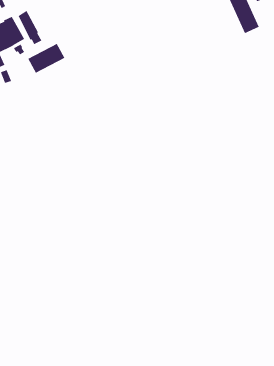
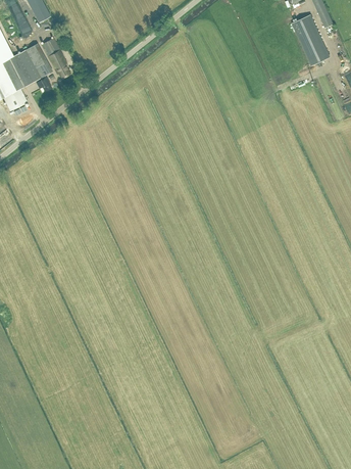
building: [27,43,65,74] -> none

